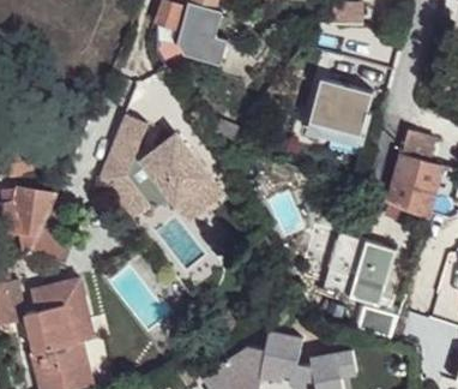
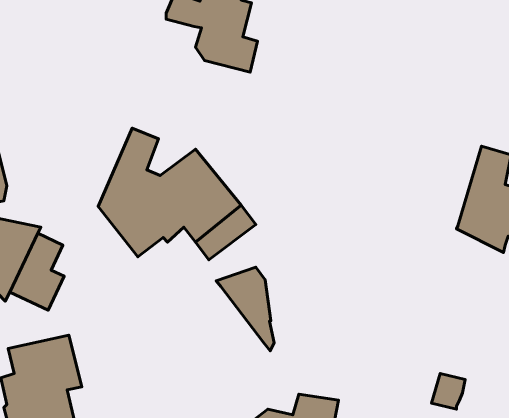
building: [289,71,376,132] -> none
building: [325,223,396,299] -> none
building: none -> [216,267,274,351]

